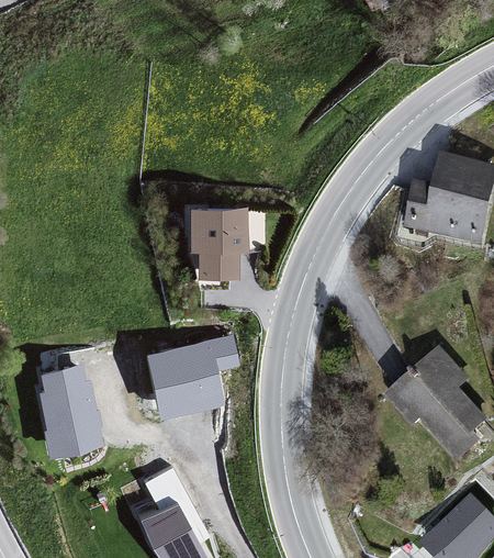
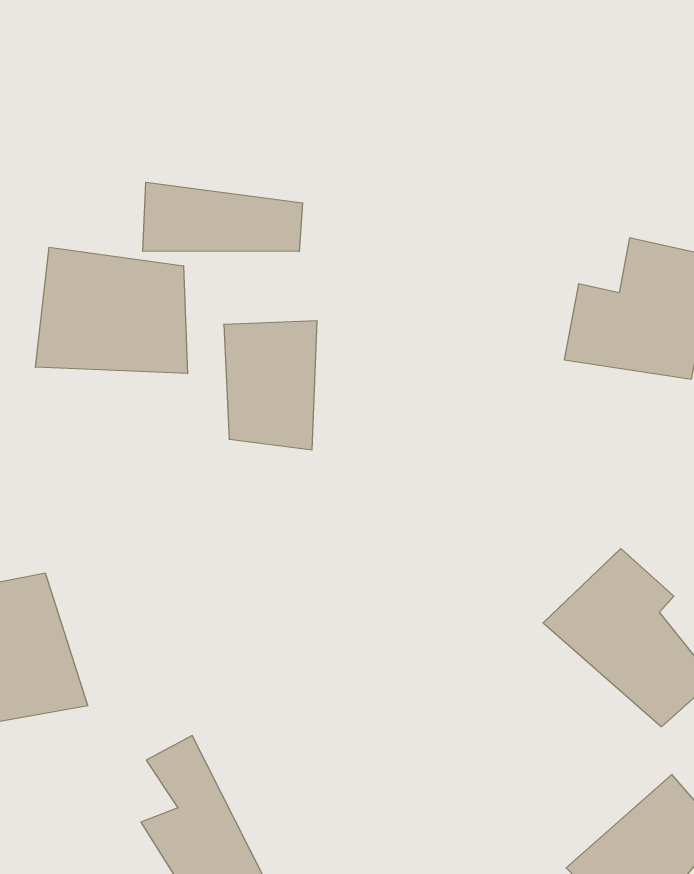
building: none -> [143,182,303,252]
building: none -> [35,247,188,374]
building: [148,333,240,418] -> none

